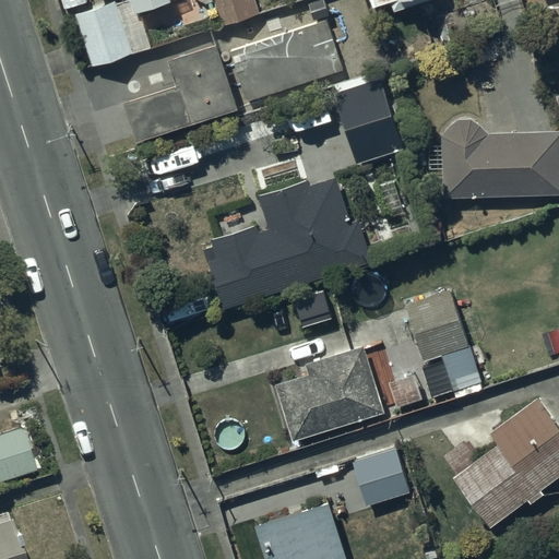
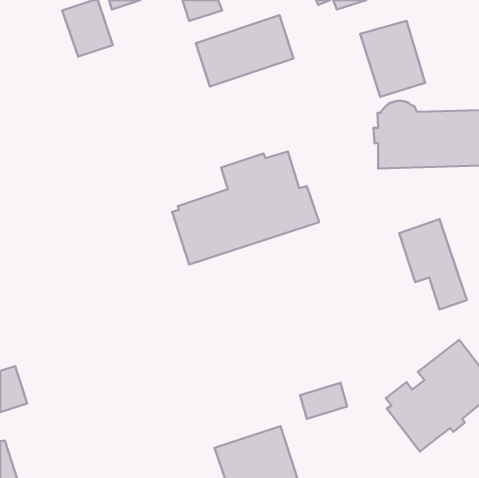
building: [121,44,237,143] -> none
building: [330,80,405,168] -> [360,21,425,97]
building: [404,288,483,393] -> [399,219,467,310]
building: [273,345,390,441] -> none

